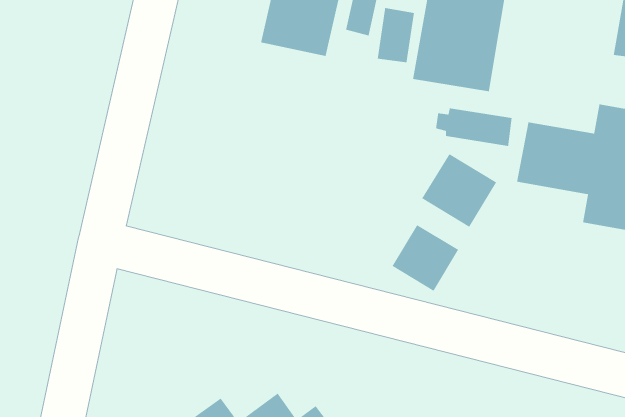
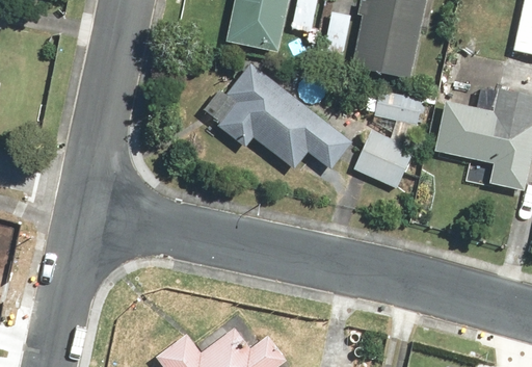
building: none -> [202,61,351,169]
building: [392,224,459,292] -> none

